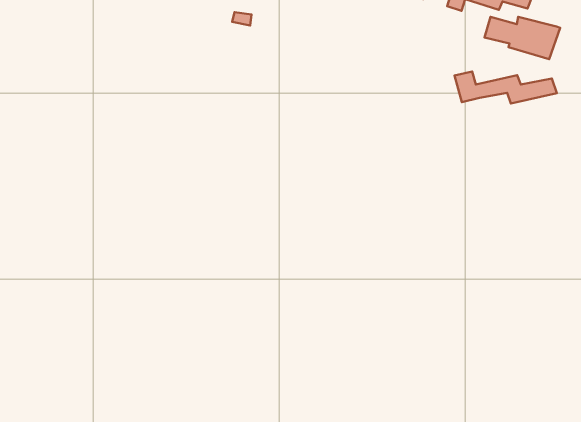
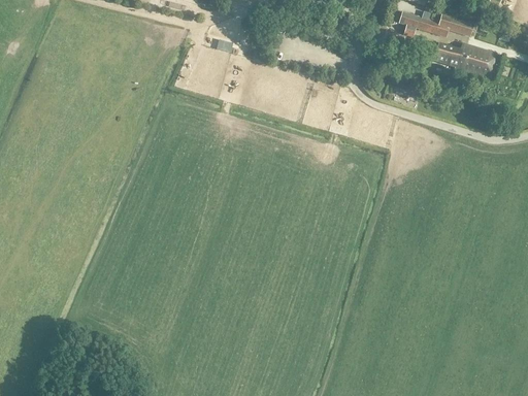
building: [455,71,557,104] -> none

